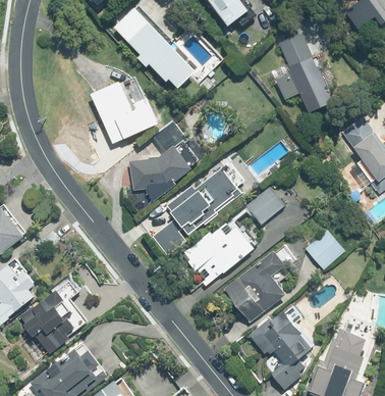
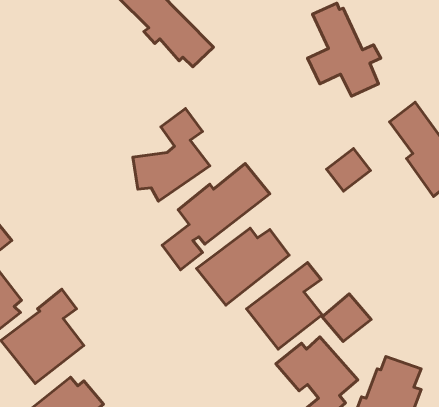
building: [89,77,158,143] -> none
building: [248,188,284,224] -> [326,148,370,191]
building: [304,230,344,269] -> [322,294,371,341]

